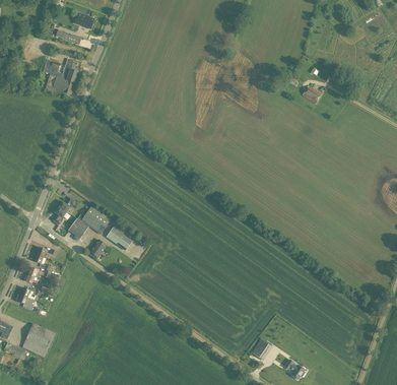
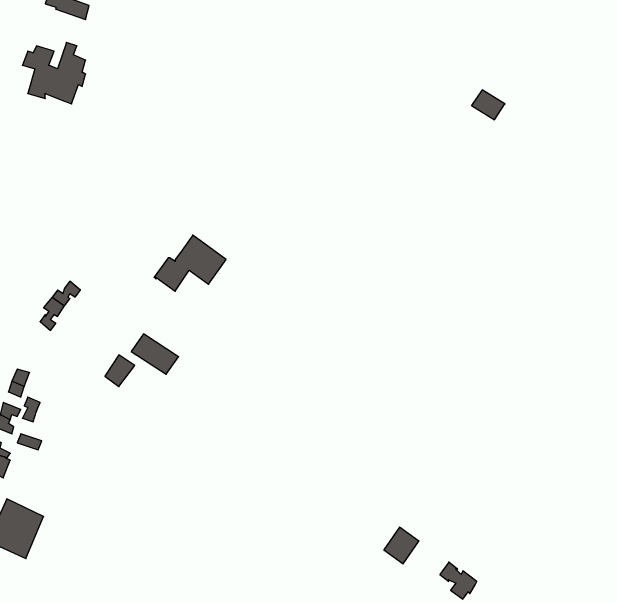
building: [68,205,110,238] -> [154,235,226,291]

